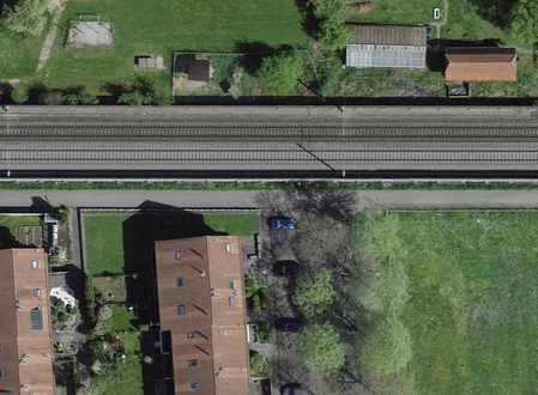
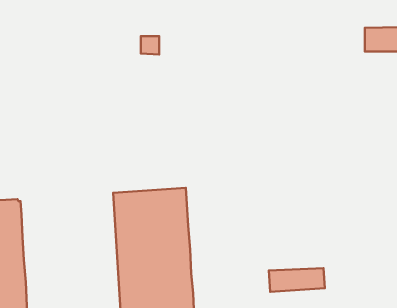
building: [341,23,424,65] -> none
building: none -> [269,268,325,292]

